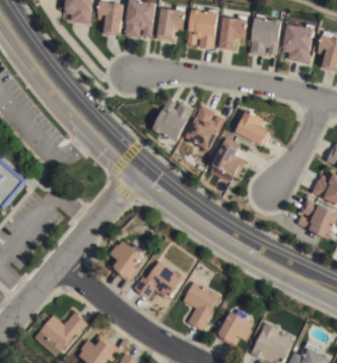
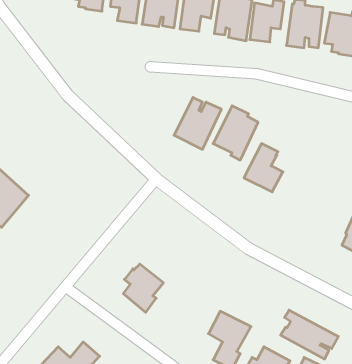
building: [235,111,271,147] -> none
building: [133,261,185,301] -> none
building: none -> [281,310,338,359]

